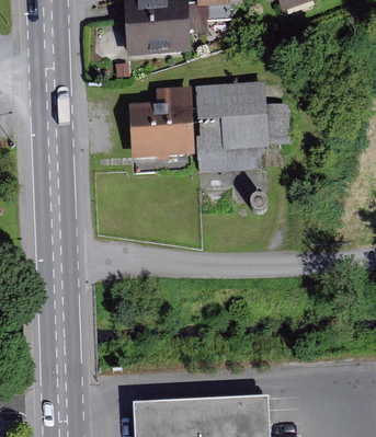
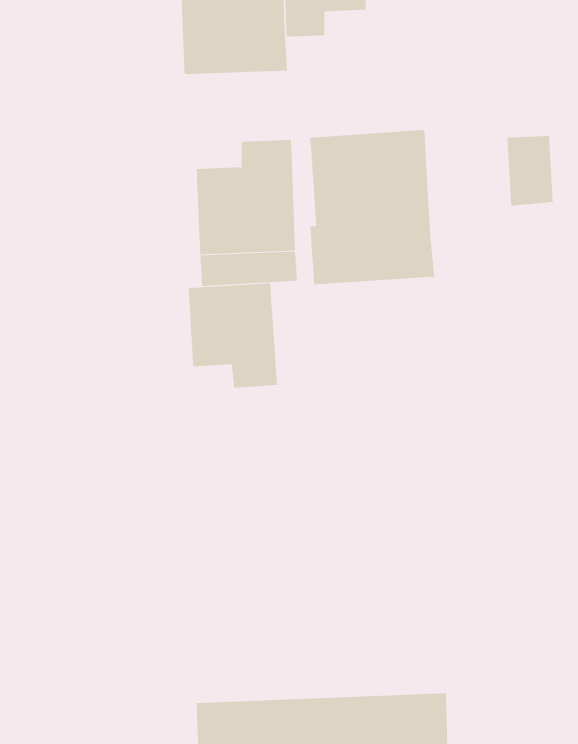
building: [263,102,289,141] -> [507,135,554,206]
building: none -> [188,282,277,388]

